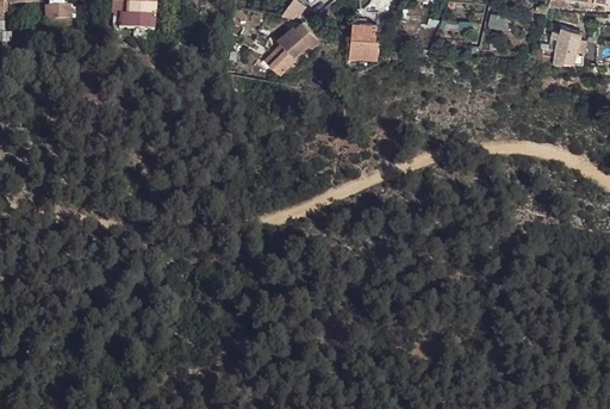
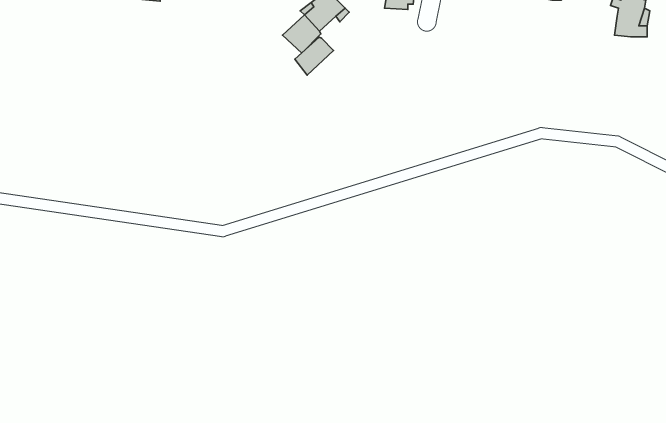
building: [349,38,379,60] -> none
building: none -> [295,37,334,75]

